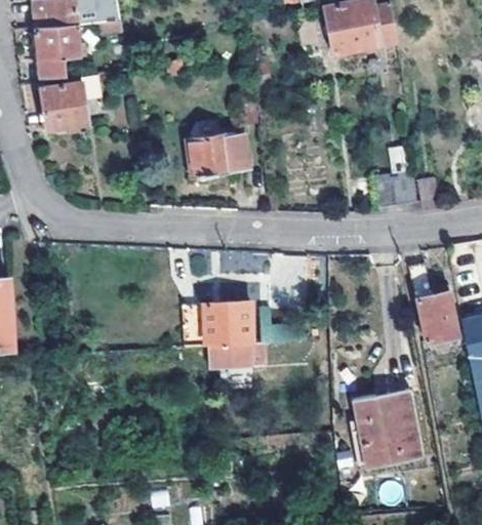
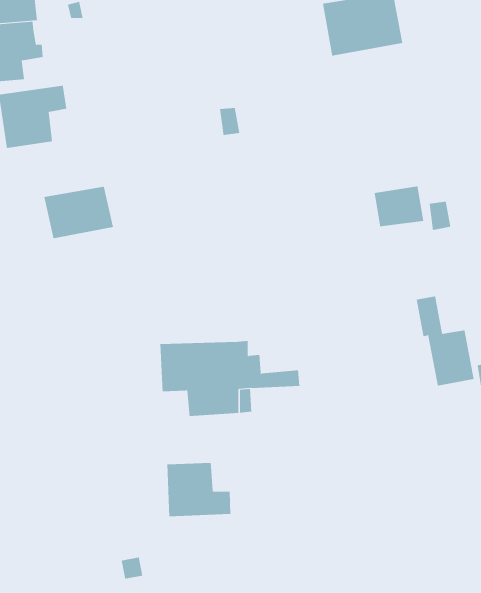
building: [185,130,246,176] -> [44,186,114,239]
building: [351,377,423,468] -> none
building: none -> [167,462,231,517]

